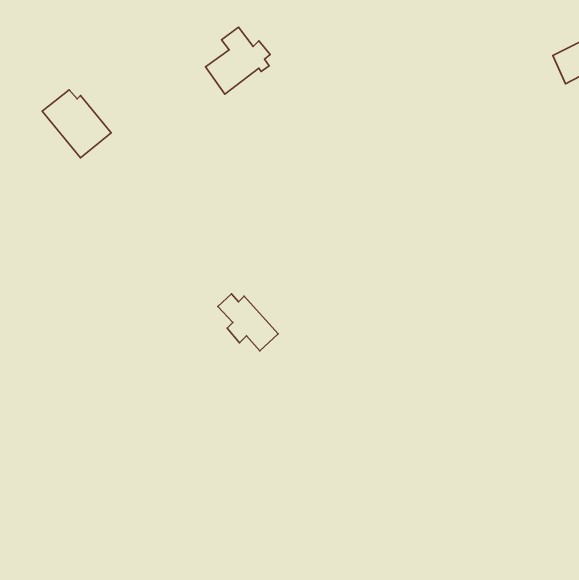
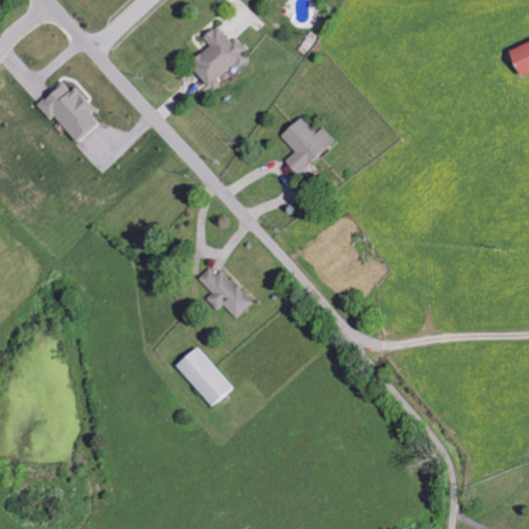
building: none -> [281,117,336,176]
building: none -> [175,347,235,408]

